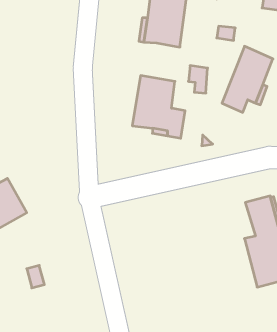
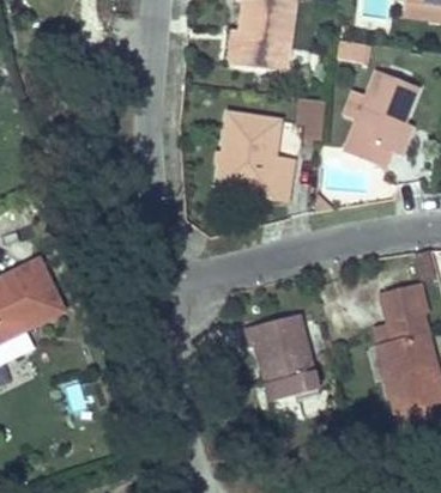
building: none -> [243,315,320,403]

